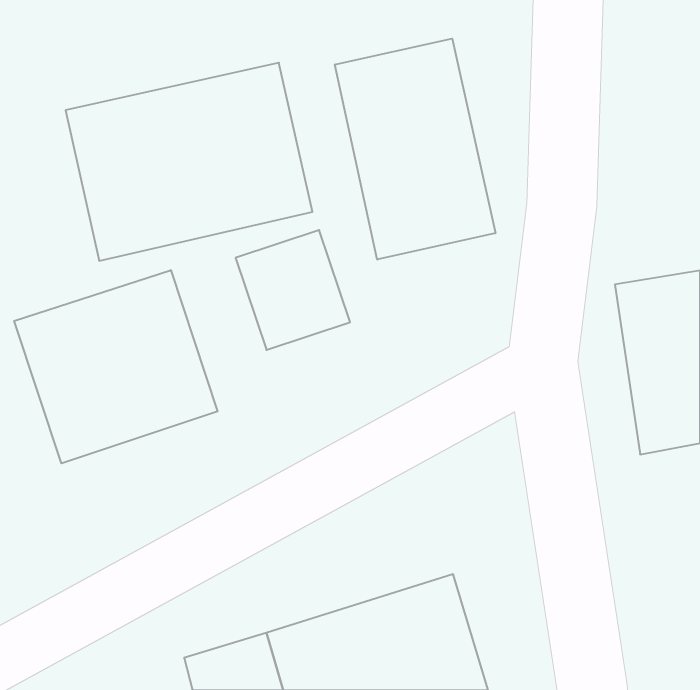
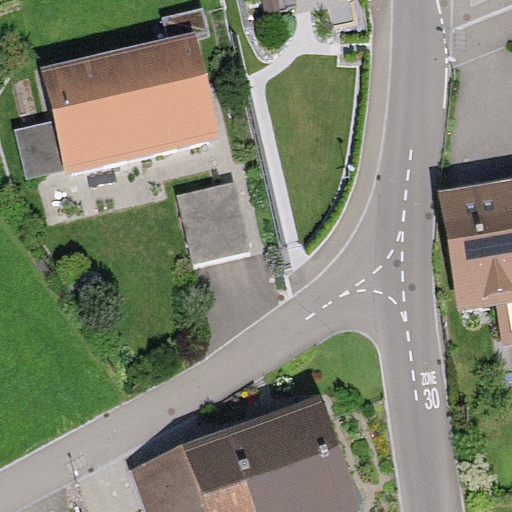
building: [335,39,495,260] -> none
building: [14,270,218,463] -> none

